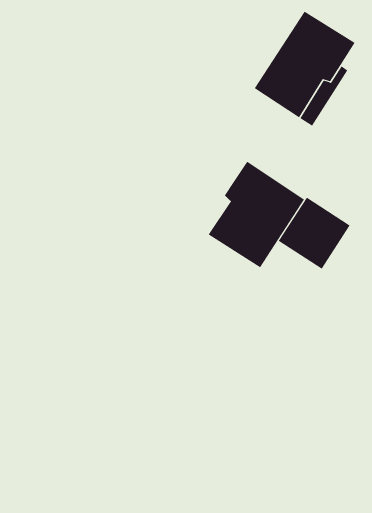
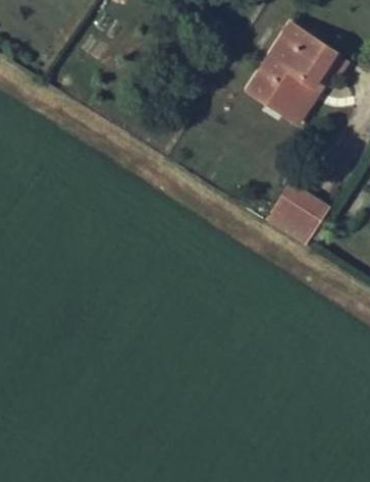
building: [208,161,305,268] -> none

